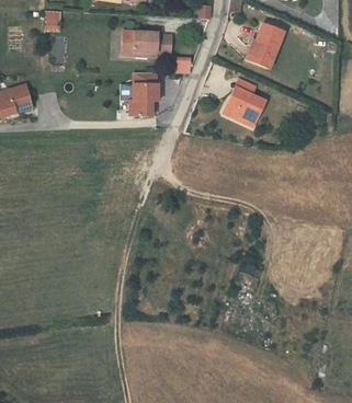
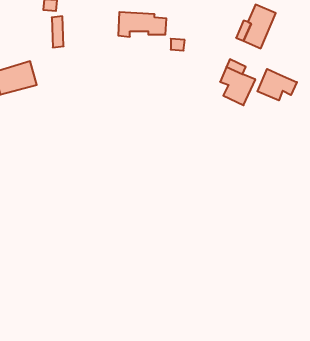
building: [129,73,158,117] -> none
building: none -> [257,69,297,100]

